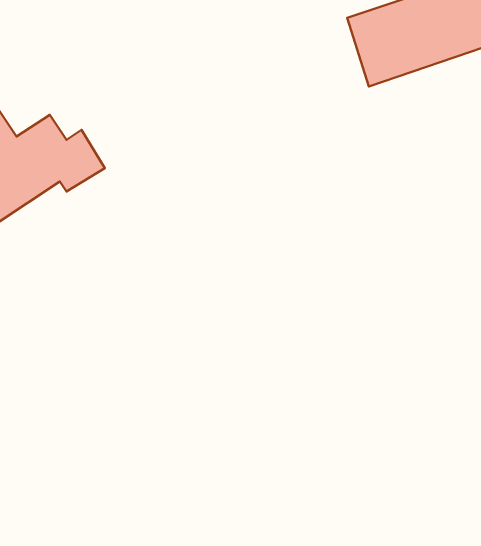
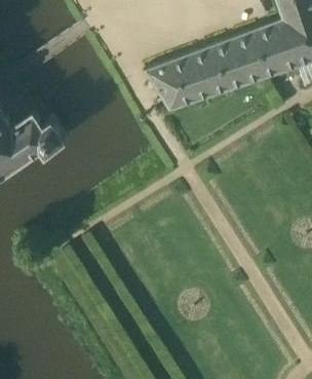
building: none -> [144,48,227,110]

